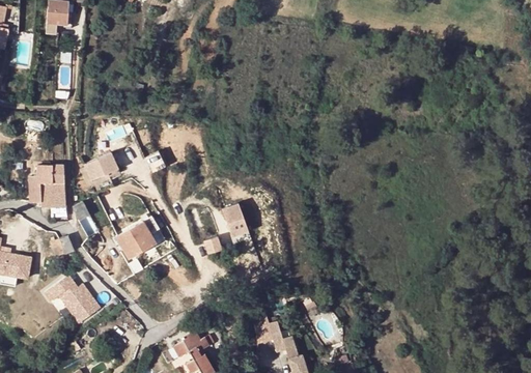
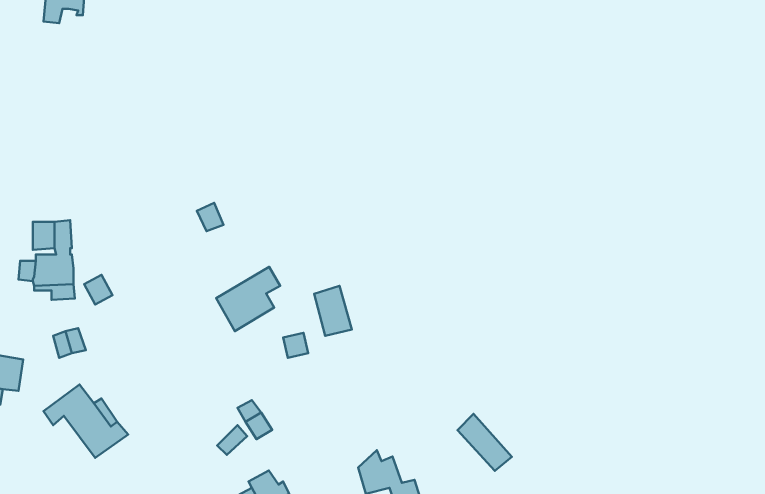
building: [83,154,116,187] -> none
building: [116,217,159,259] -> [216,267,280,331]
building: none -> [458,414,512,471]

